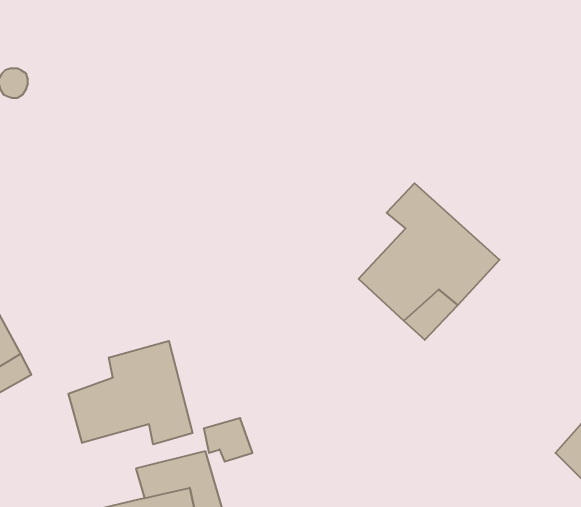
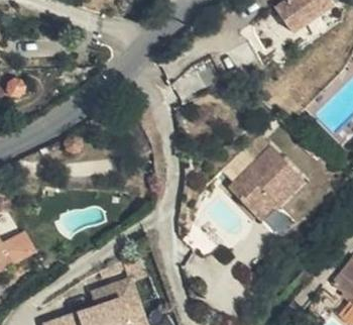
building: [68,341,193,444] -> none

